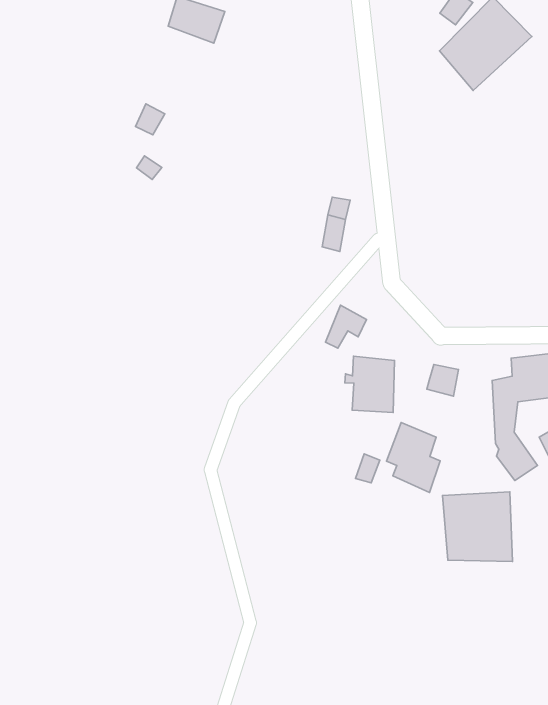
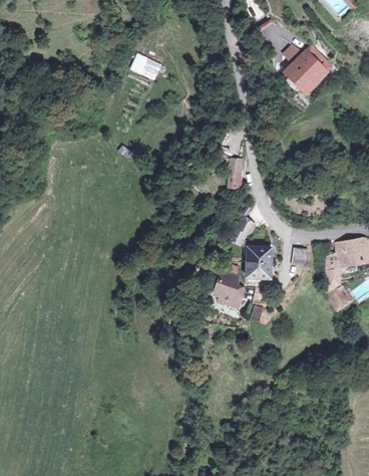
building: [386,423,440,492] -> [214,270,244,308]
building: [443,492,512,561] -> none

